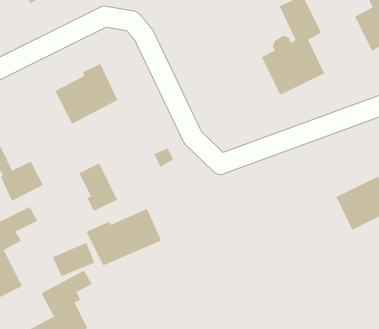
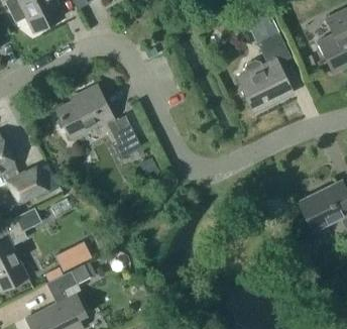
building: [78,163,118,211] -> [106,114,140,156]
building: [86,208,162,266] -> none

